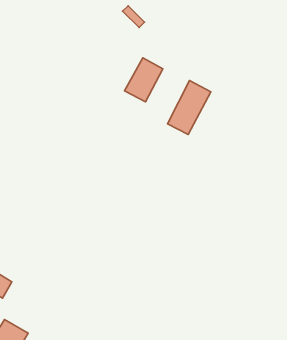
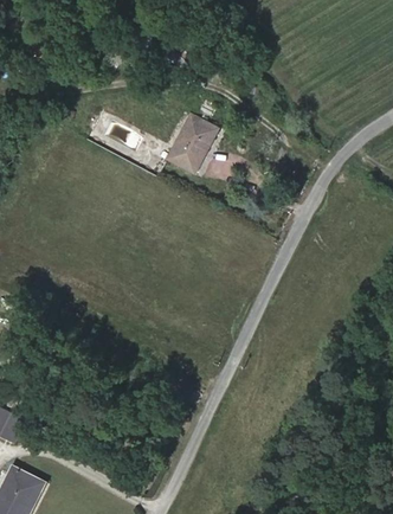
building: [167,80,211,134] -> none

